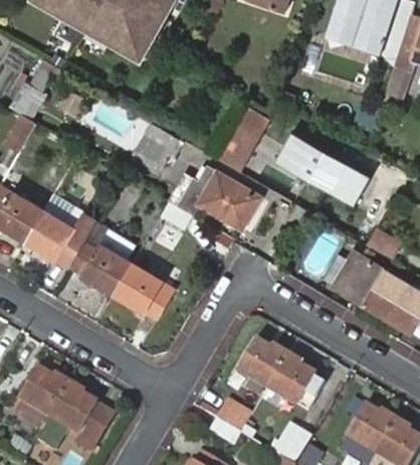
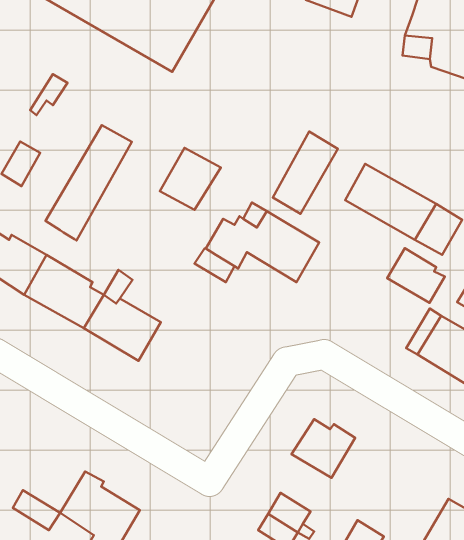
building: none -> [45,125,132,241]
building: none -> [387,248,445,303]
building: [113,262,172,319] -> none
building: [268,355,312,404] -> none
building: [17,365,69,416] -> none

